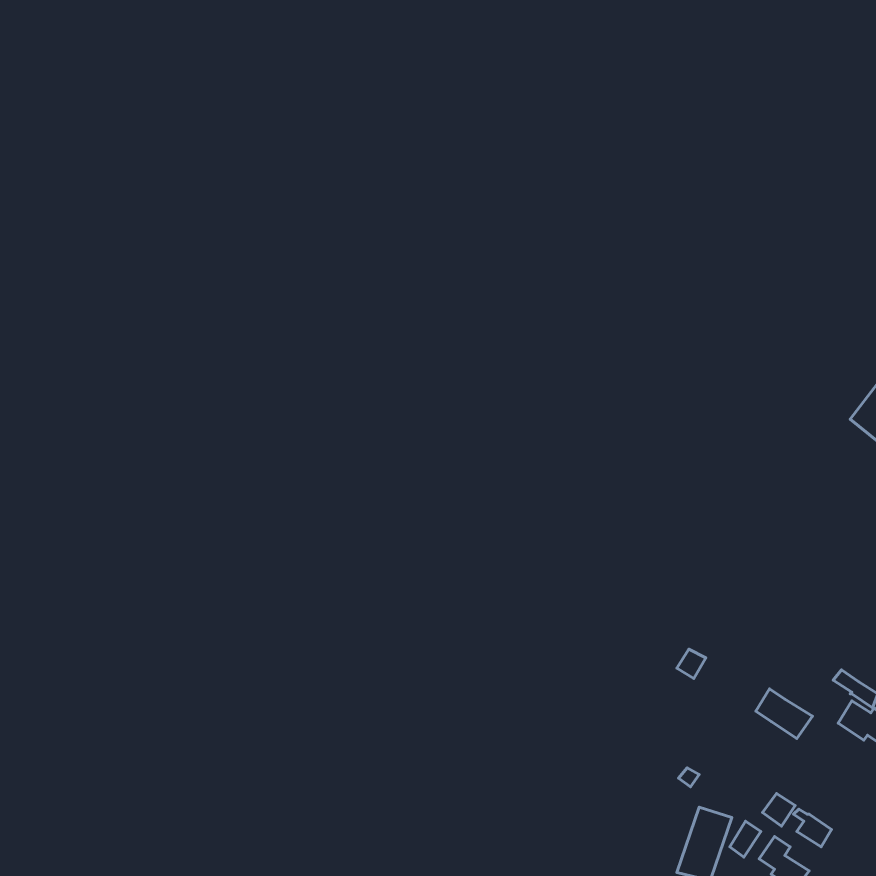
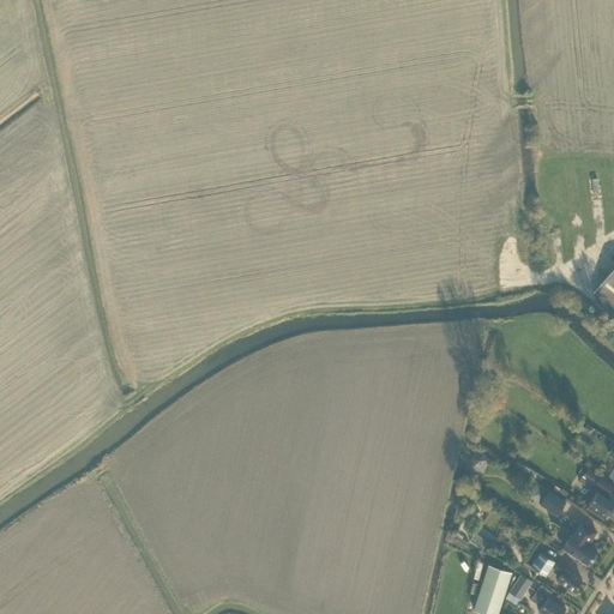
building: none -> [564,523,597,565]

